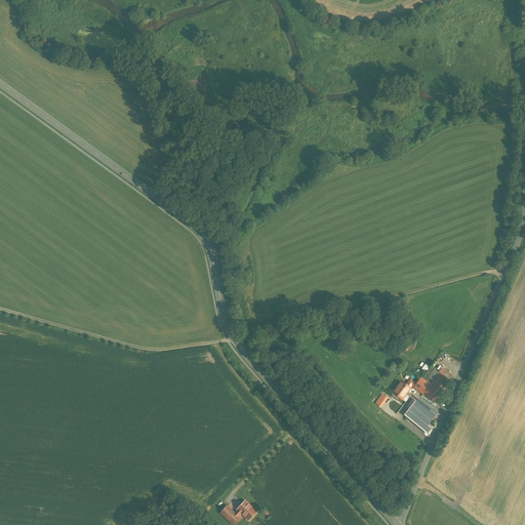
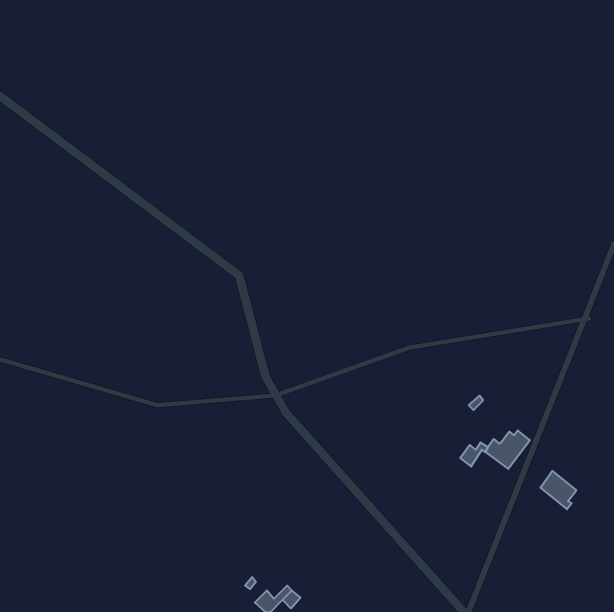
building: [404,399,435,432] -> [540,471,576,509]

